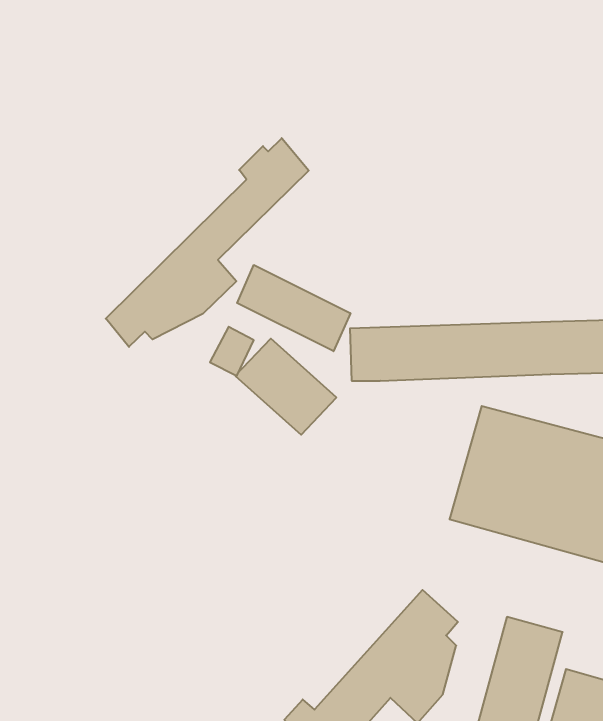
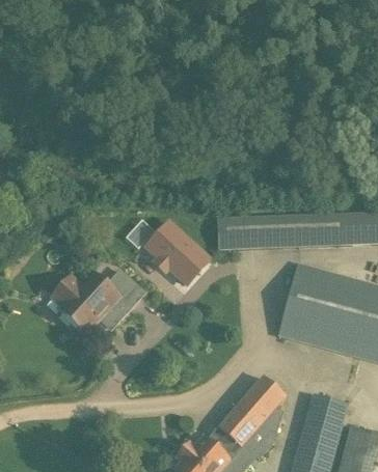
building: [106,138,309,347] -> none
building: [237,265,350,351] -> none
building: none -> [54,269,144,332]

